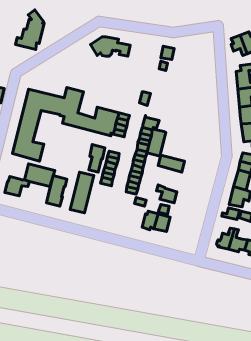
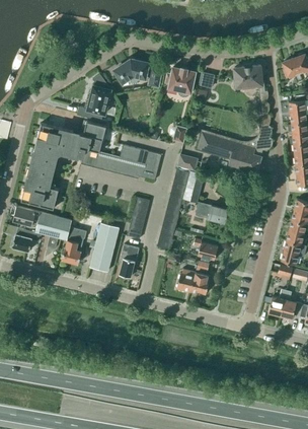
building: [15,10,44,50] -> [77,74,111,122]
building: none -> [196,65,273,172]
building: none -> [165,68,195,97]
building: [89,144,105,172] -> [120,244,139,278]
building: none -> [13,207,41,232]

